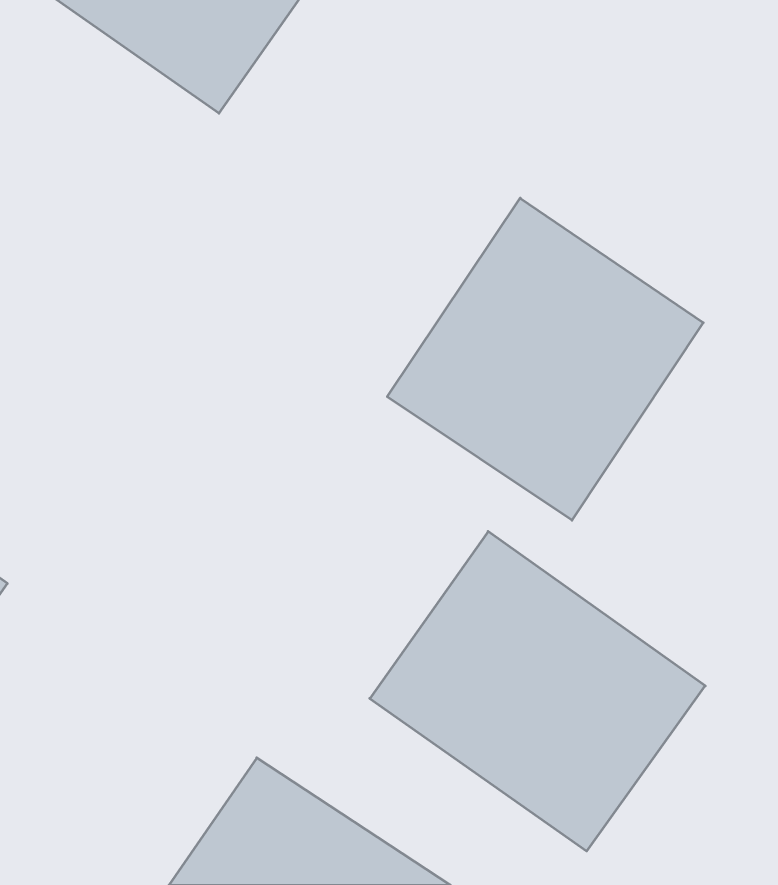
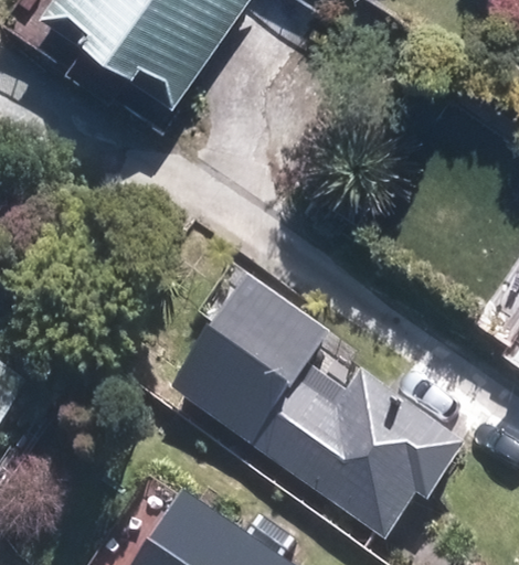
building: [387,198,703,520] -> none
building: none -> [174,275,317,430]

